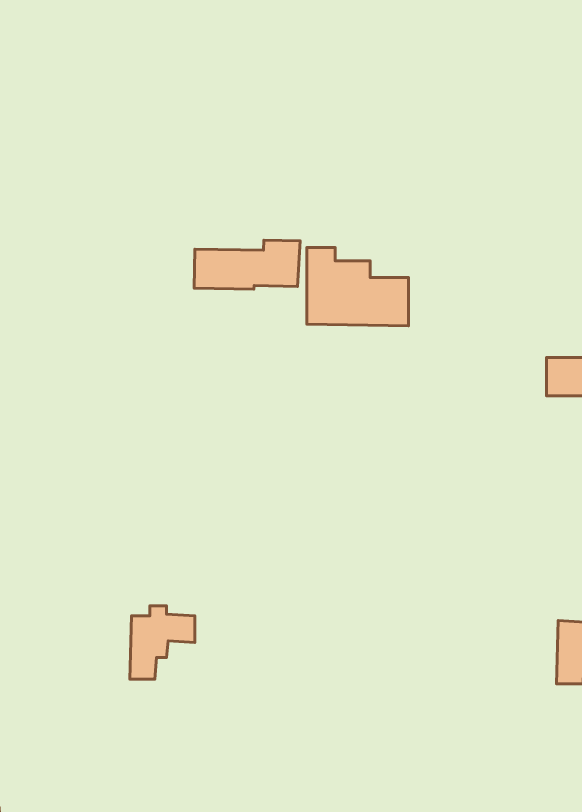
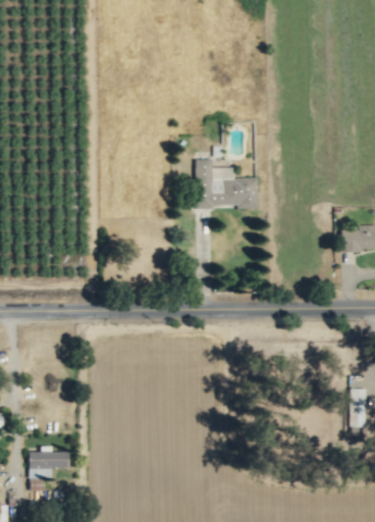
building: [194,240,300,289] -> none
building: [130,606,195,679] -> [30,446,69,490]

